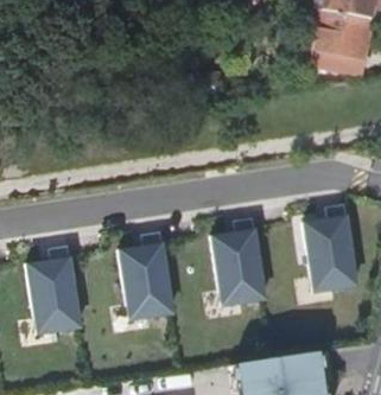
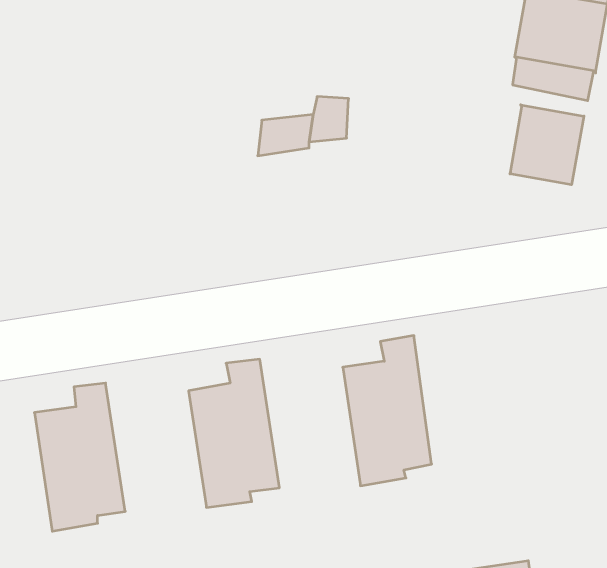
building: none -> [510,105,584,185]
building: [304,204,357,293] -> none

